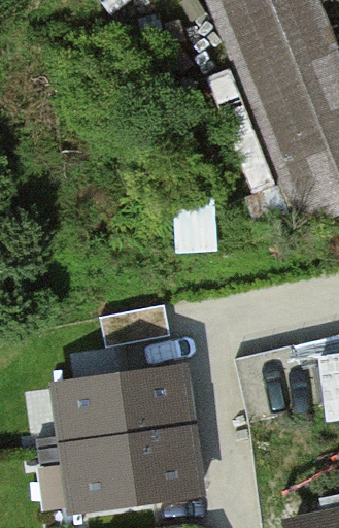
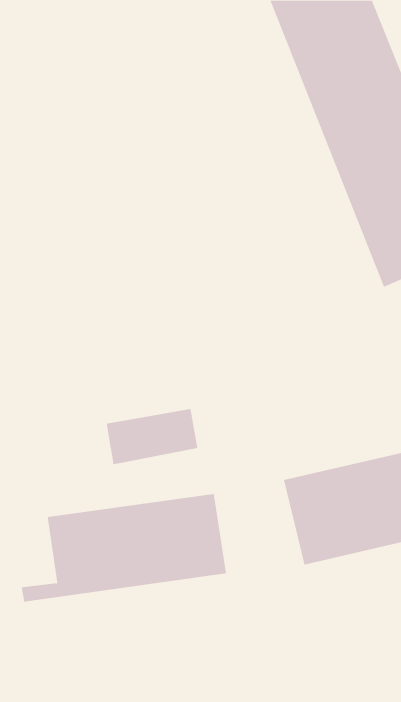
building: [39,430,200,508] -> none

